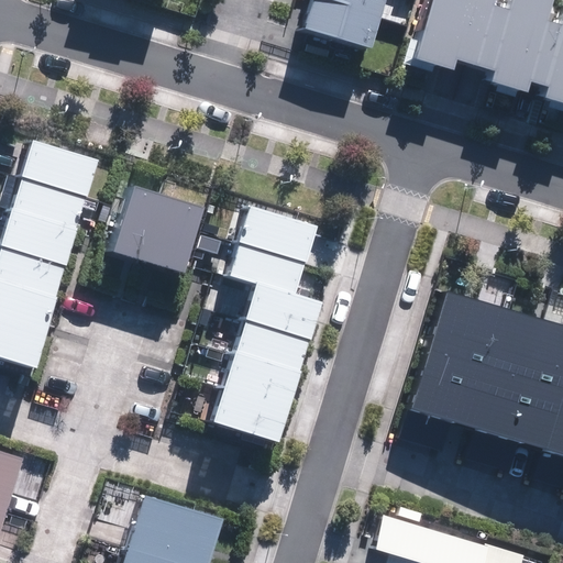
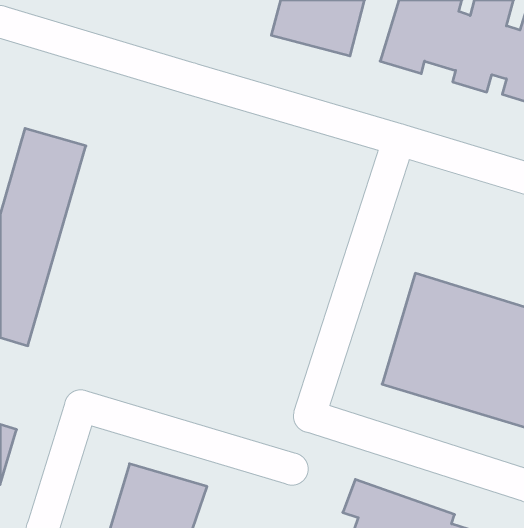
building: [112,183,207,275] -> none
building: [209,202,318,441] -> none

